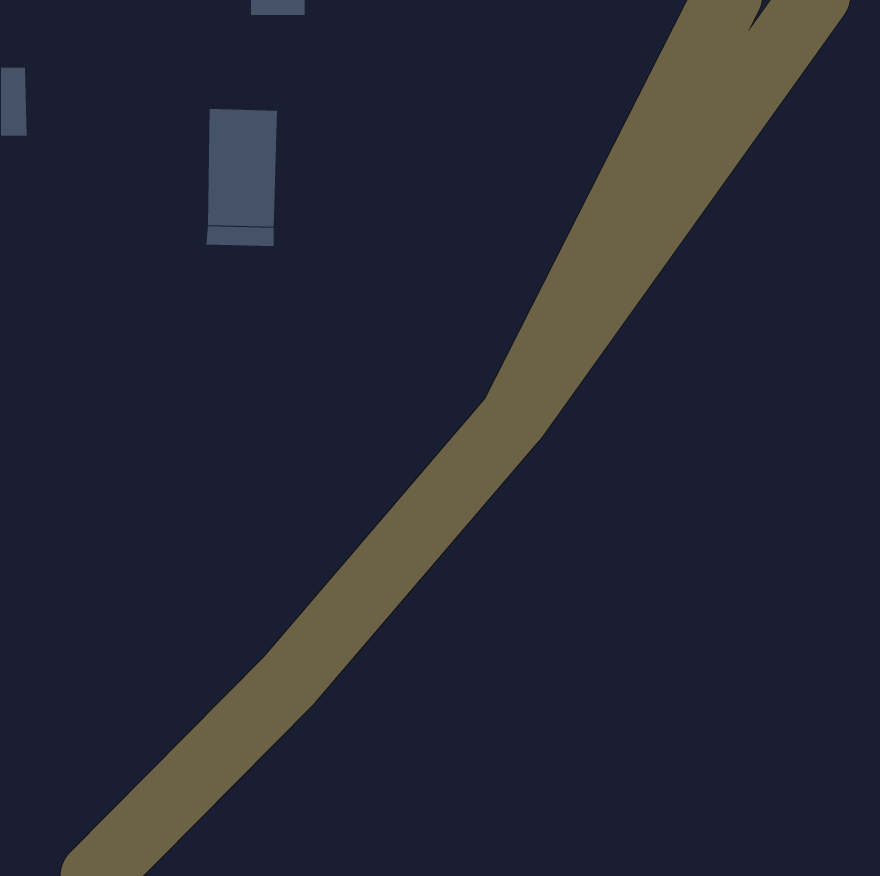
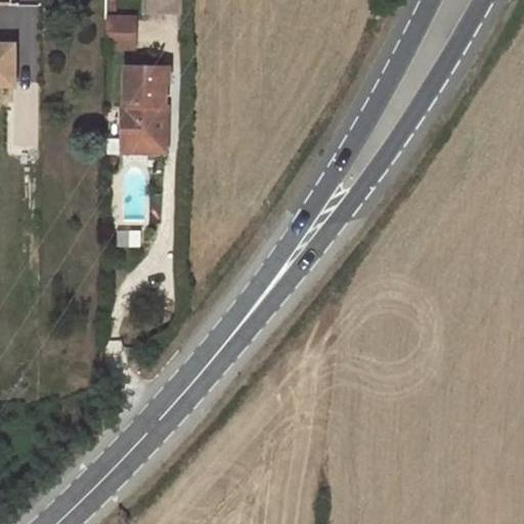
building: none -> [104,15,134,45]

